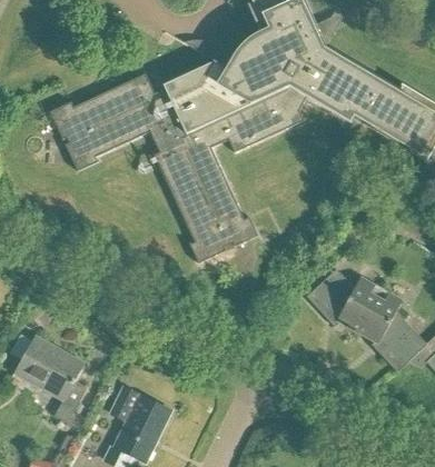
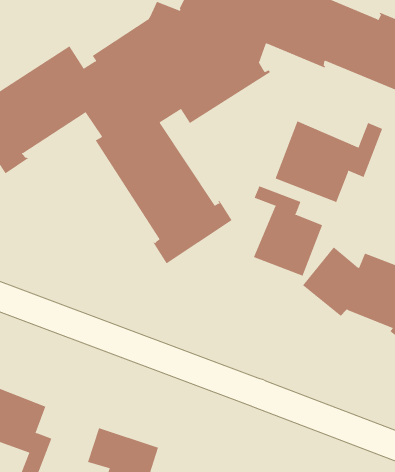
building: none -> [275,121,383,203]
building: none -> [253,185,323,276]

